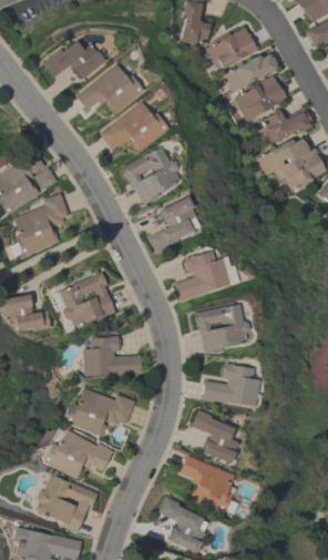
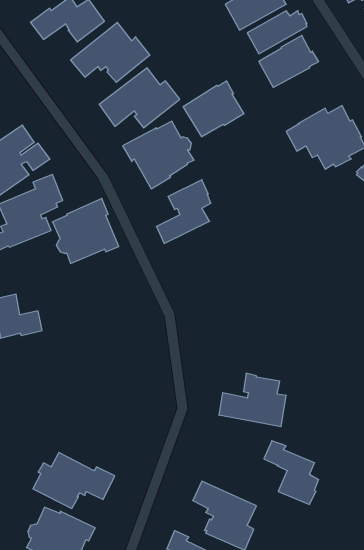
building: [267,105,316,142] -> none
building: none -> [183,81,244,137]
building: [175,251,230,301] -> none
building: [60,272,116,327] -> [52,198,119,263]
building: [194,305,250,354] -> none
building: [84,336,143,376] -> none
building: [65,388,135,436] -> none
building: [192,410,238,465] -> [264,441,319,504]

